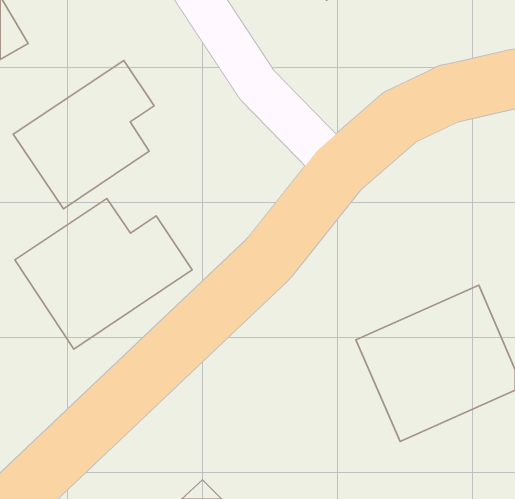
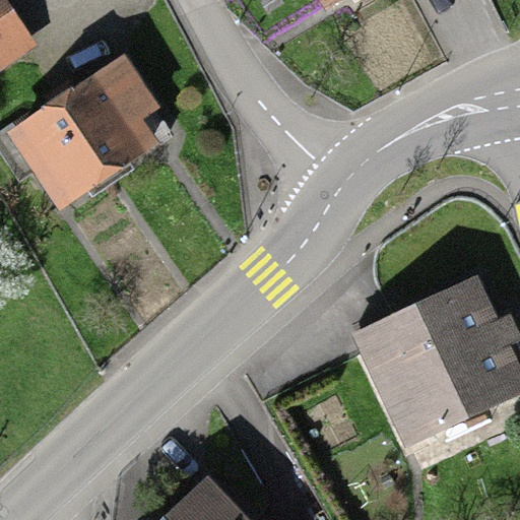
building: [15,199,192,349] -> none

